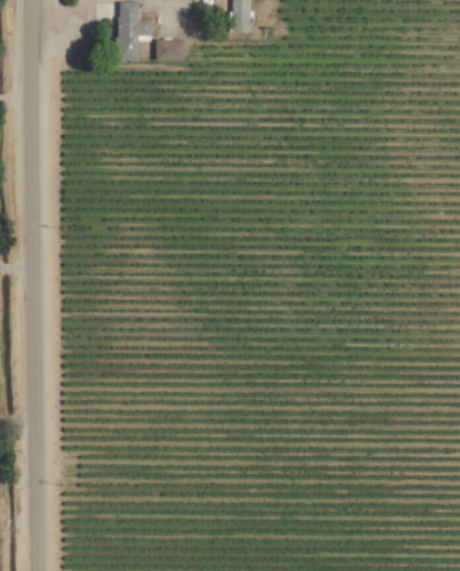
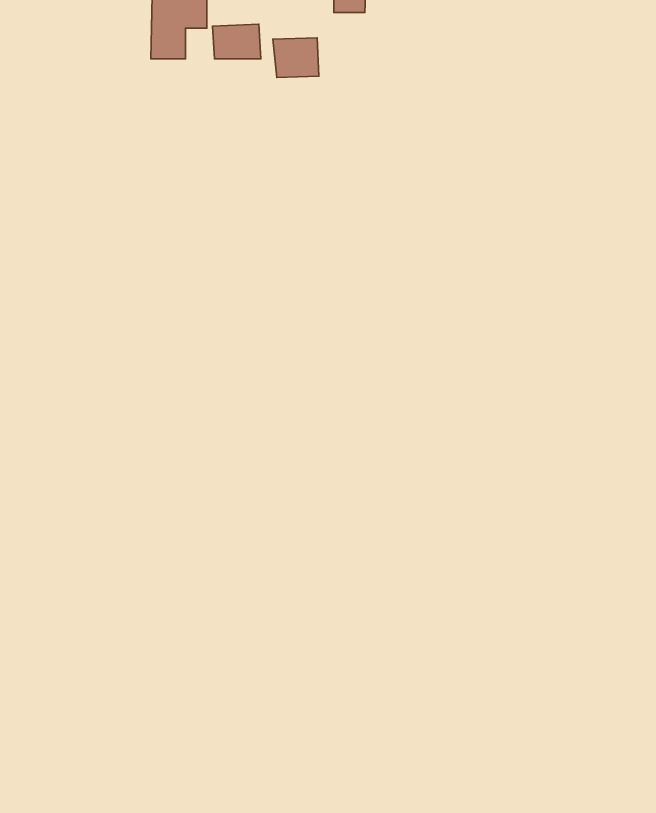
building: none -> [273,38,319,77]

